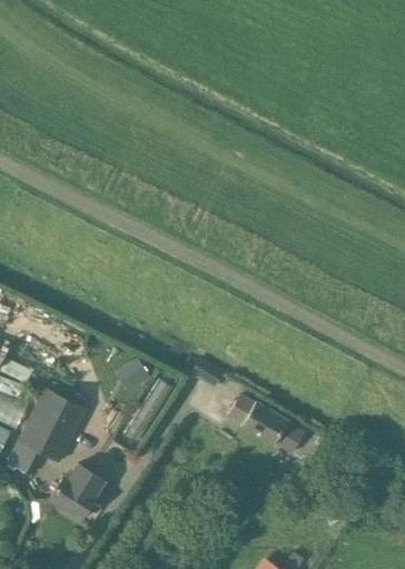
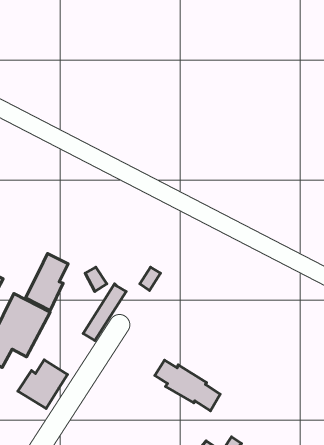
building: none -> [25,254,68,310]
building: [229,395,304,452] -> [155,360,220,411]

